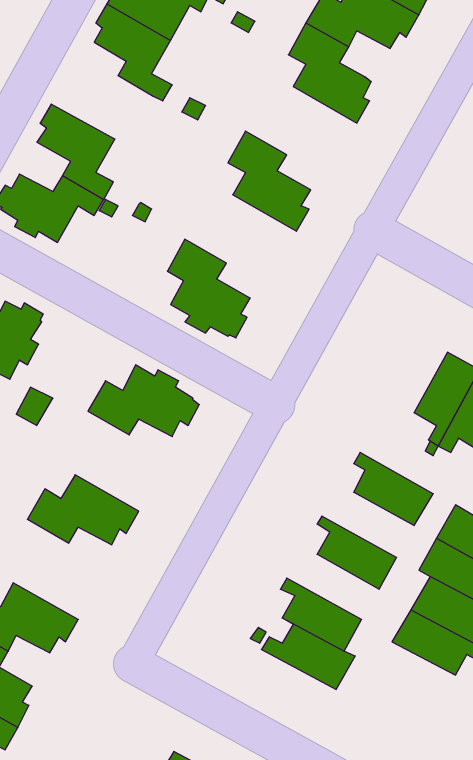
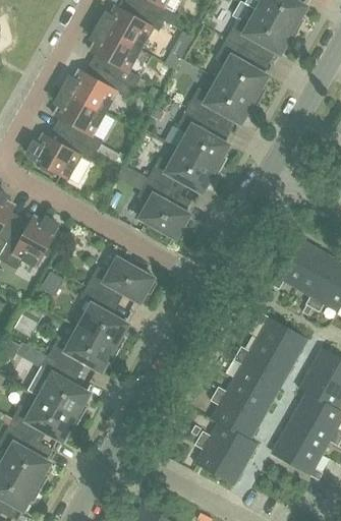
building: none -> [63,69,134,111]
building: none -> [187,77,259,122]
building: none -> [149,147,220,191]
building: none -> [271,236,317,288]
building: none -> [78,285,128,349]
building: none -> [236,337,295,379]
building: none -> [37,354,90,418]
building: none -> [214,377,273,418]
building: none -> [270,432,322,479]
building: none -> [194,438,245,484]

